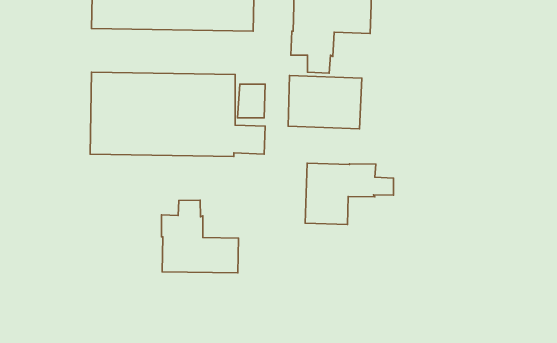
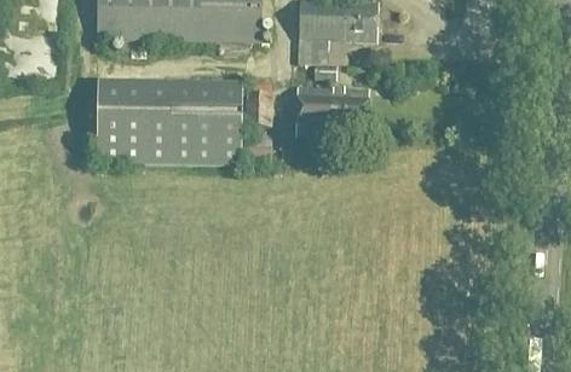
building: [305,163,393,224] -> none
building: [162,200,238,273] -> none

